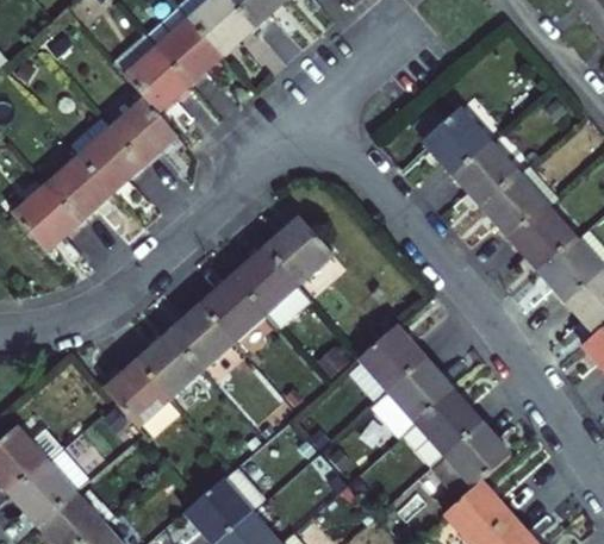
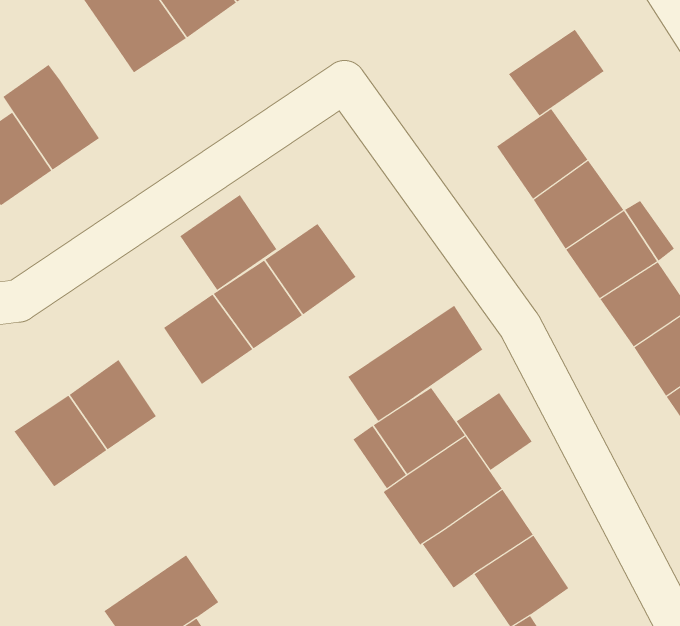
building: none -> [508,29,604,116]
building: [105,105,173,173] -> none
building: none -> [180,194,277,291]
building: none -> [347,305,483,422]
building: [172,301,232,364] -> none
building: none -> [456,392,533,471]

